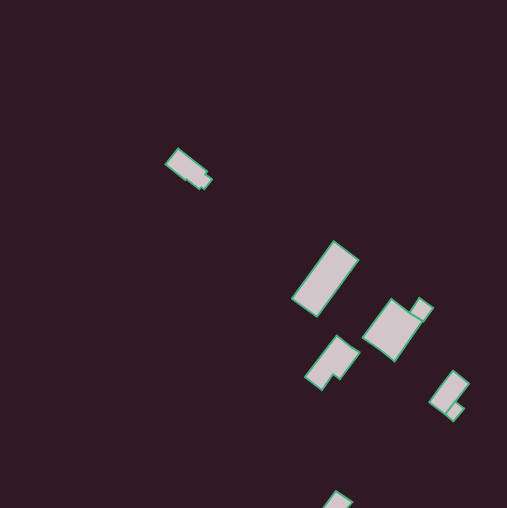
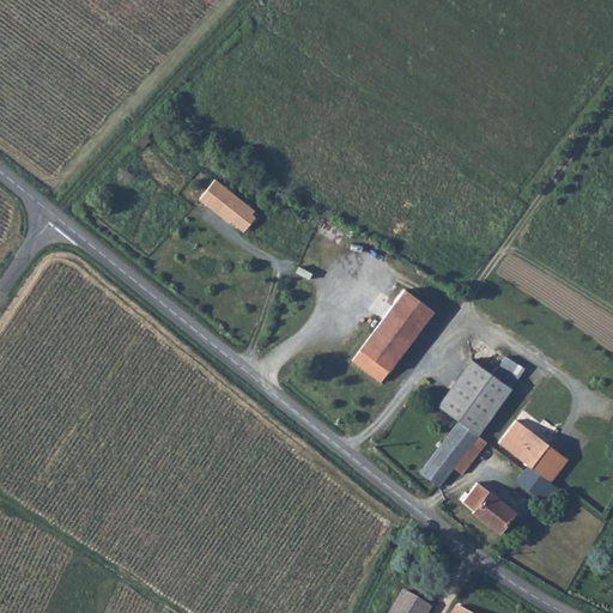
building: [305,335,360,390] -> [420,421,486,487]
building: none -> [499,421,548,468]
building: none -> [465,484,514,533]

